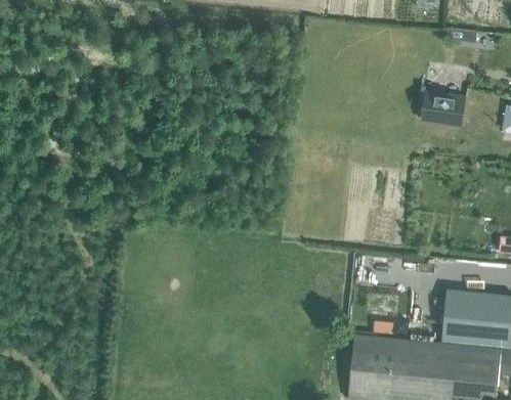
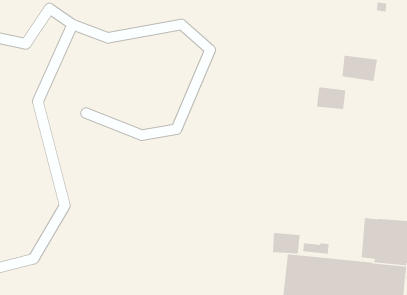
building: none -> [316,86,346,110]
building: none -> [272,232,300,254]

